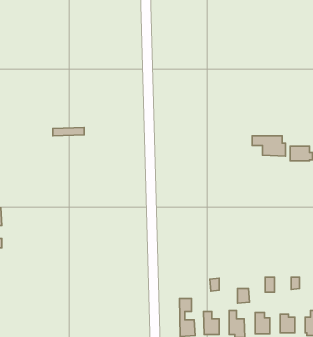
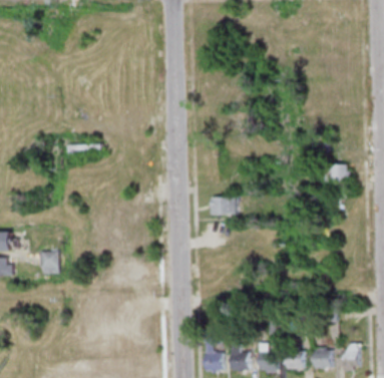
building: [252,136,286,156] -> none
building: none -> [212,199,236,216]
building: none -> [40,252,60,274]

